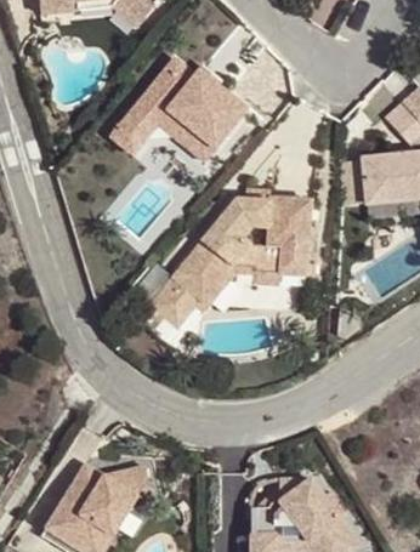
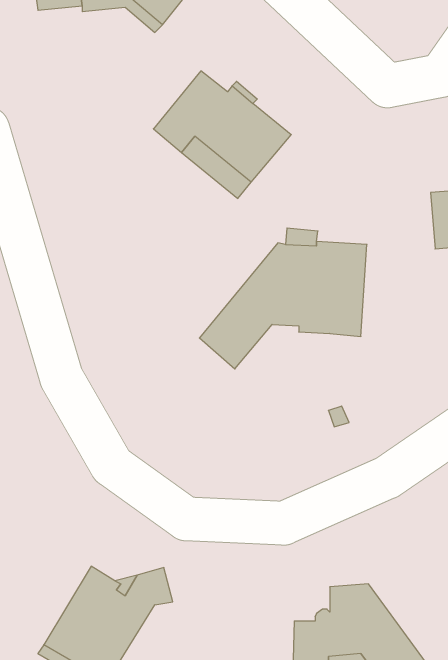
building: [110,106,159,155] -> none
building: [148,266,280,317] -> none

